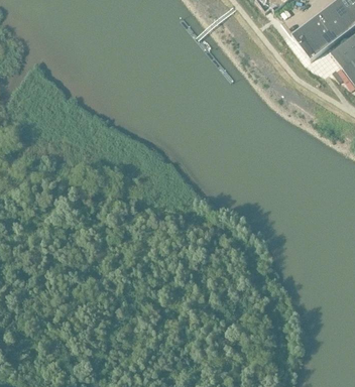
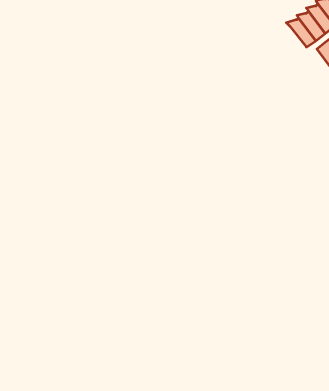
building: [291,29,322,58] -> none

